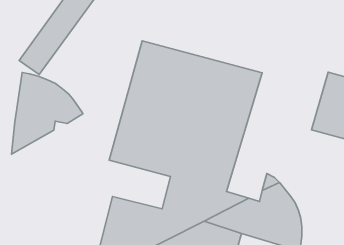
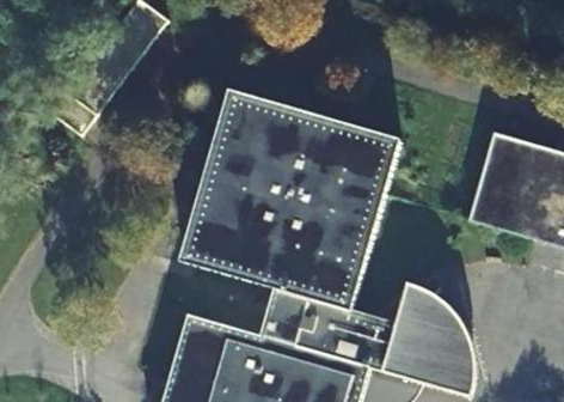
building: [11,72,83,154] -> none

